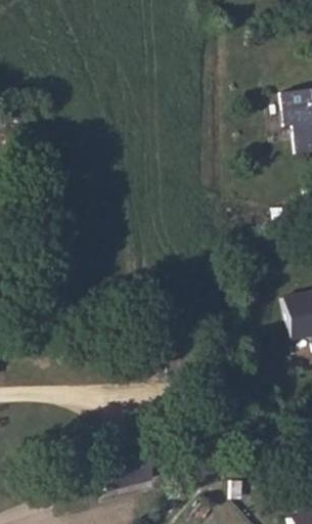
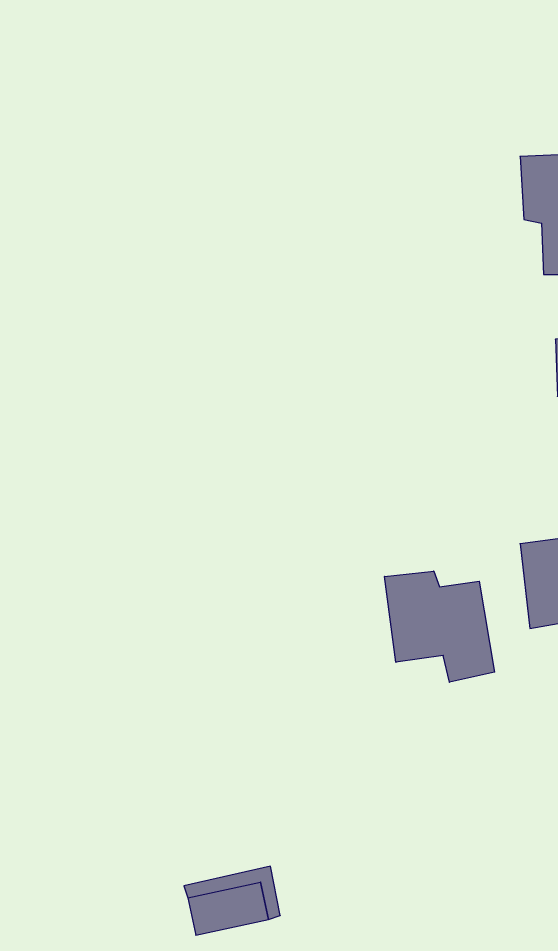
building: none -> [385,571,495,682]

